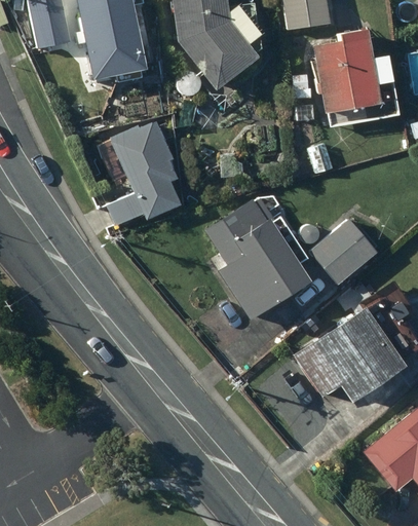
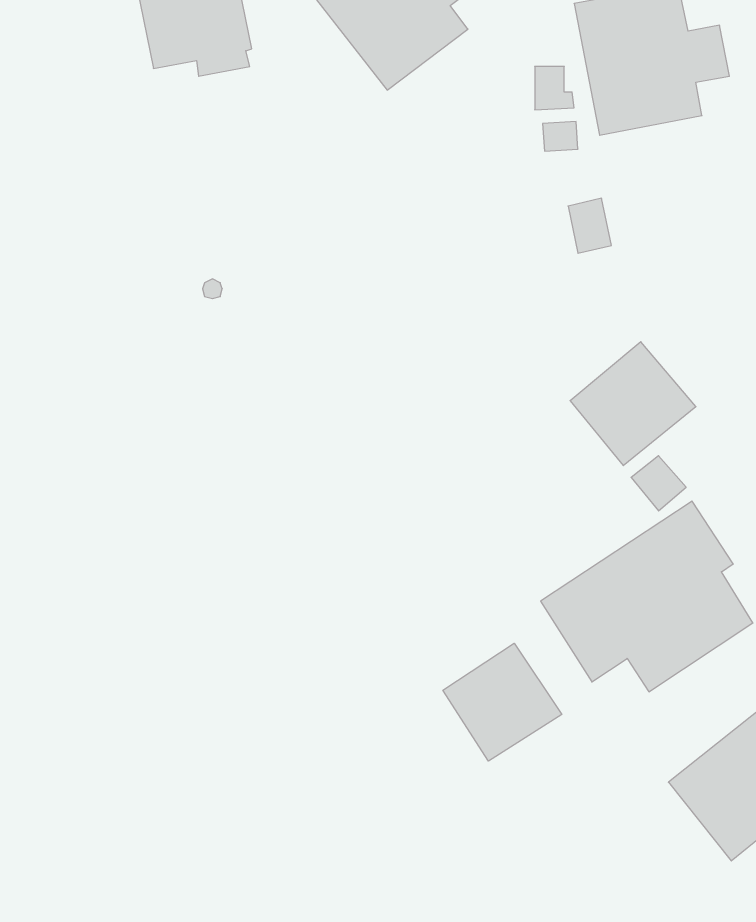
building: [109,121,181,225] -> none
building: [206,197,311,320] -> none
building: none -> [443,643,562,761]

